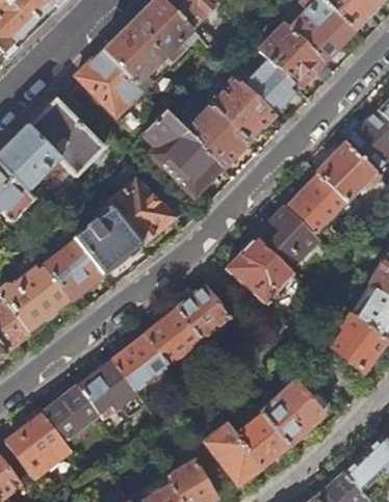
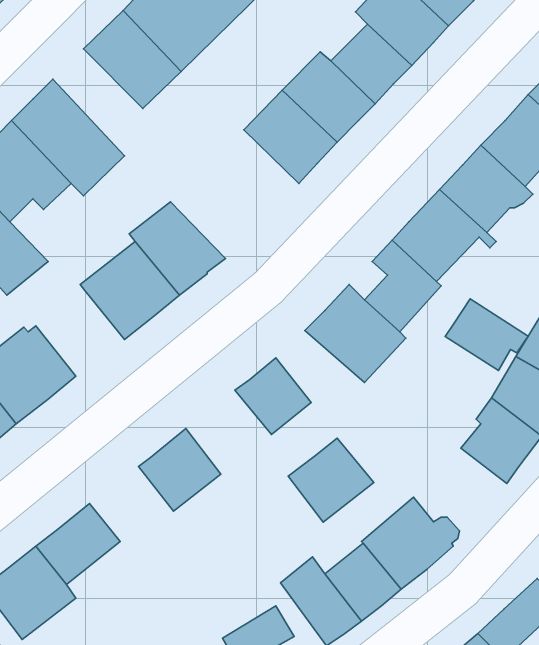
building: [144,112,222,196] -> none
building: [43,240,103,298] -> none
building: none -> [445,299,528,370]
building: [145,308,203,365] -> [288,438,374,522]
building: [79,360,137,411] -> none

